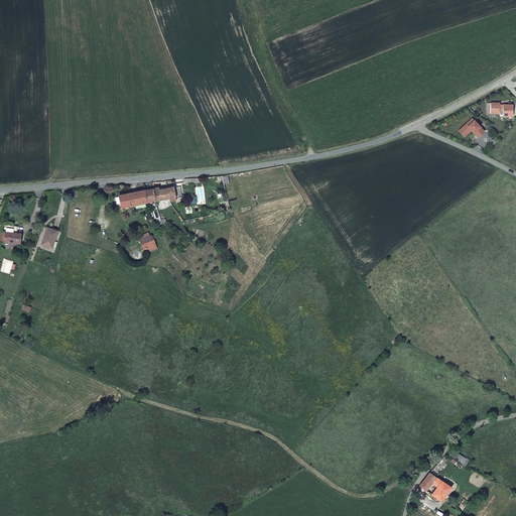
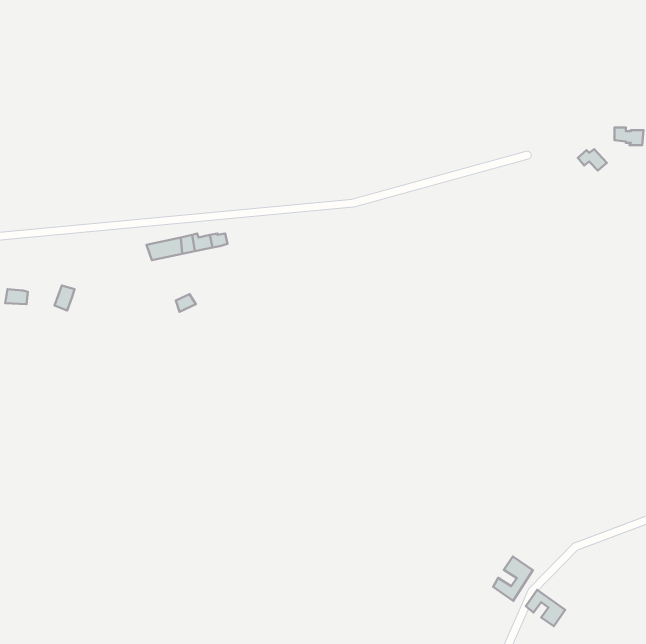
building: none -> [493,556,533,601]

